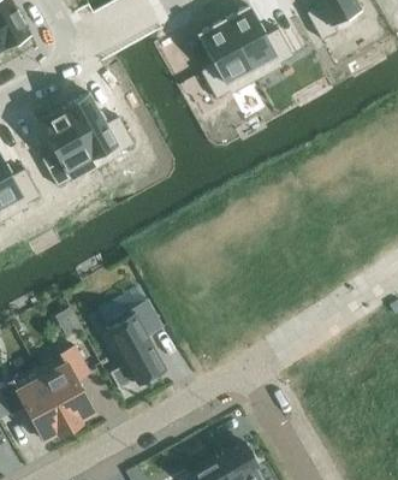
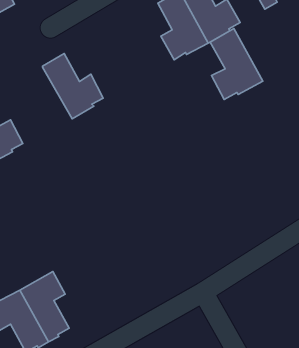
building: none -> [210,29,263,99]
building: [38,108,97,186] -> none
building: [105,301,165,383] -> none

